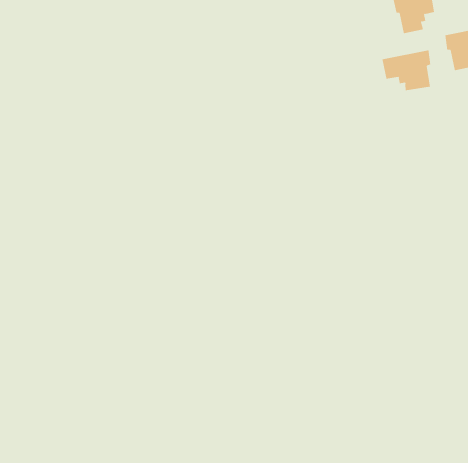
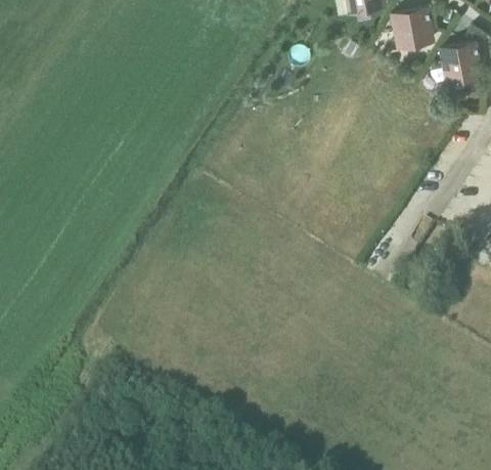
building: [382,49,431,91] -> none

